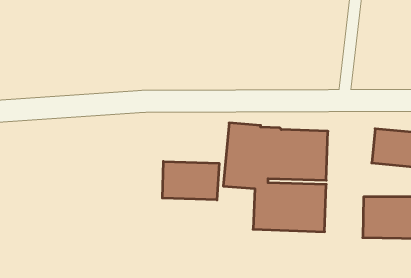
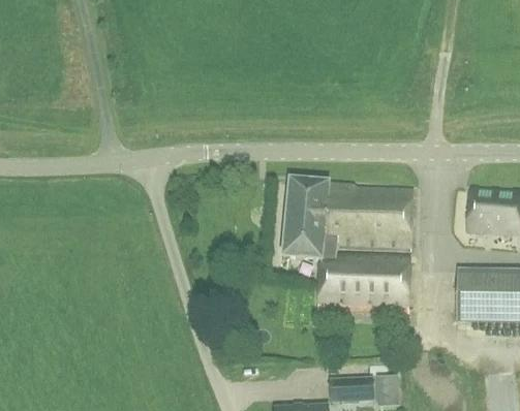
building: [162,161,219,200] -> none

